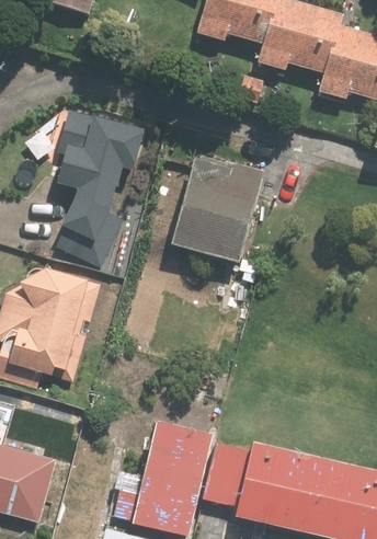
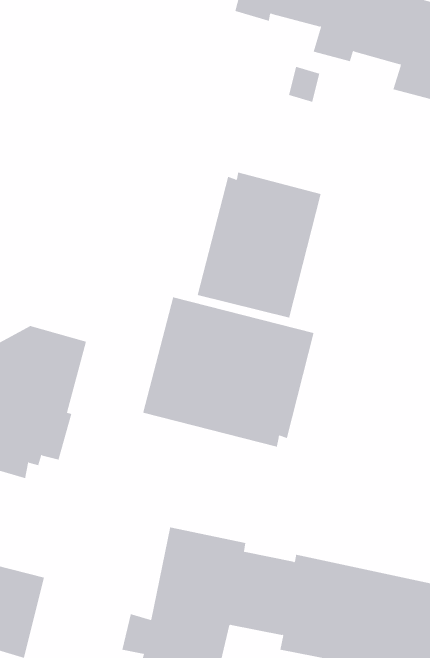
building: [57,106,144,265] -> none
building: none -> [142,296,314,448]

